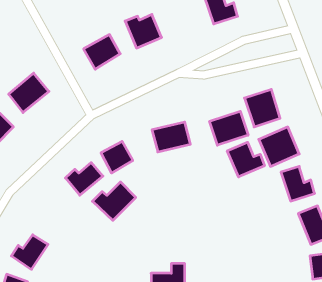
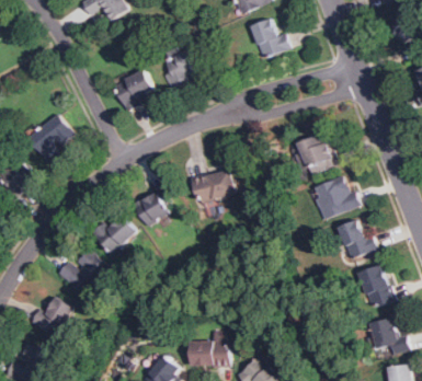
building: [210,111,248,145] -> none
building: [227,142,264,177] -> none
building: [92,182,136,220] -> [57,250,106,293]

